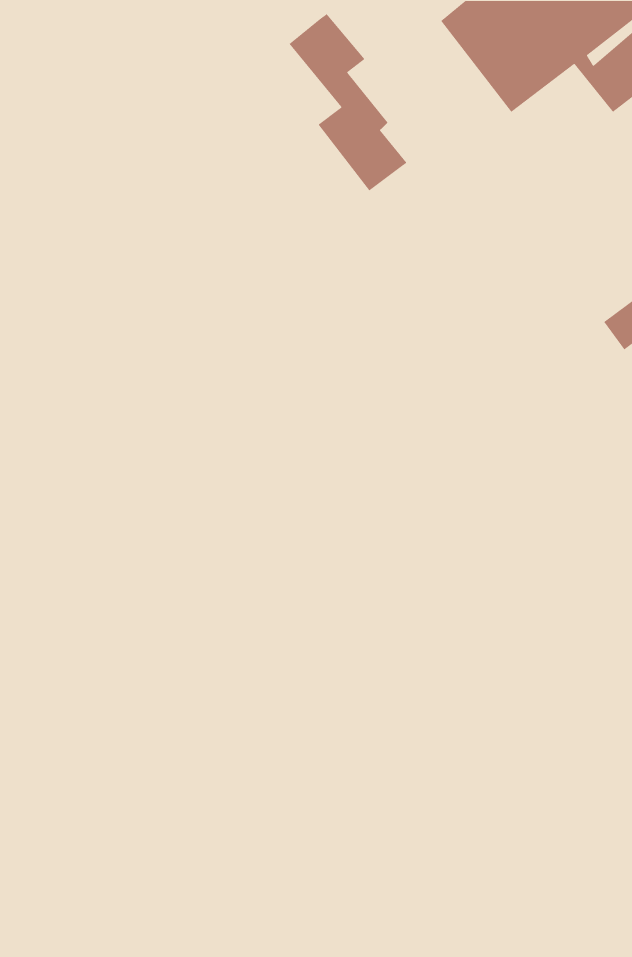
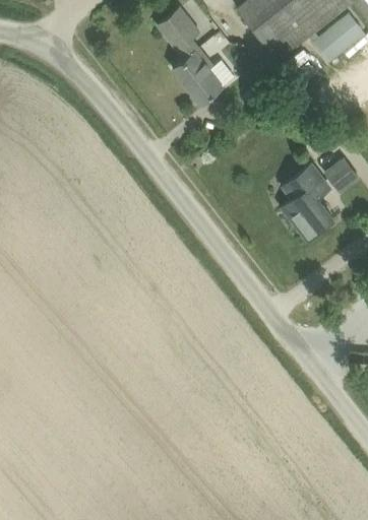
building: none -> [284,164,335,238]

